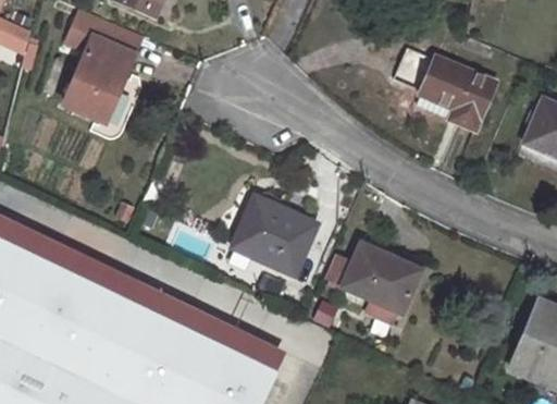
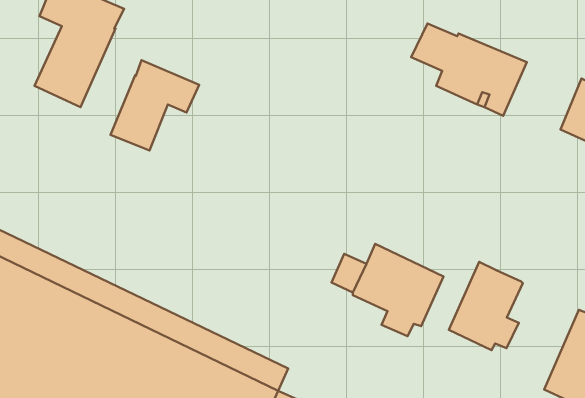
building: none -> [110,60,199,151]
building: [232,196,314,276] -> none
building: none -> [449,262,523,350]

